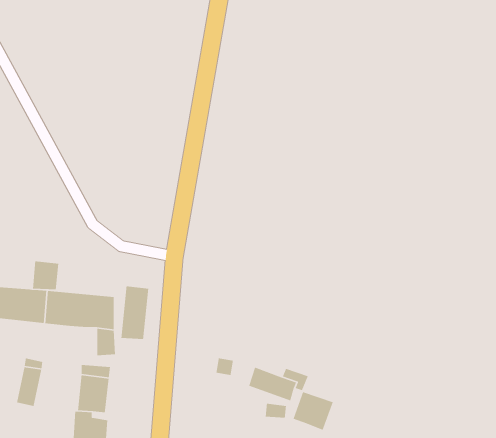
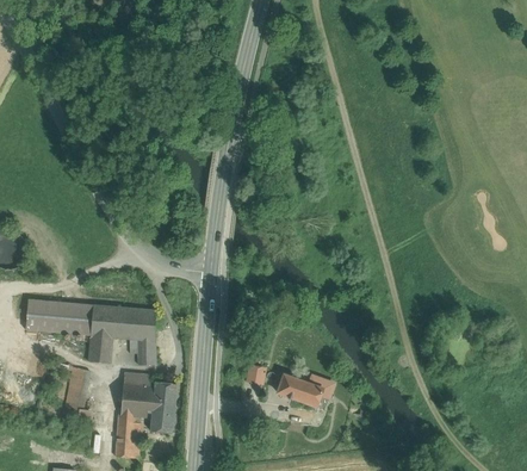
building: [32,260,59,290] -> [87,335,112,362]
building: [121,285,149,340] -> [149,382,175,432]
building: [292,391,334,431] -> none

